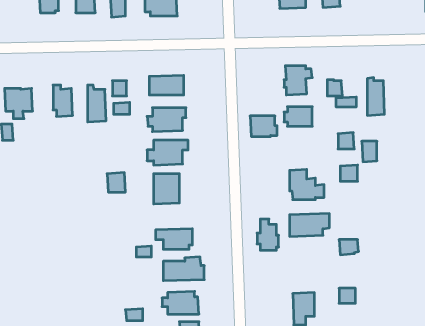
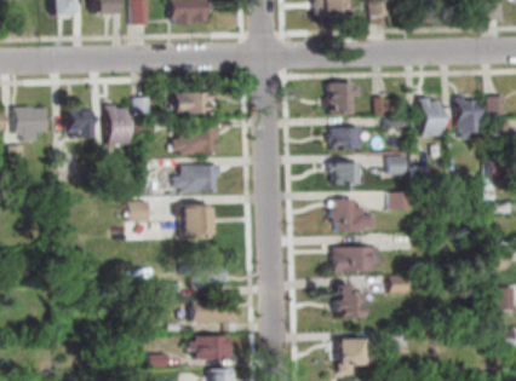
building: none -> [458,96,478,139]
building: [250,116,277,136] -> [332,161,362,184]
building: [257,219,279,250] -> [337,283,361,318]

